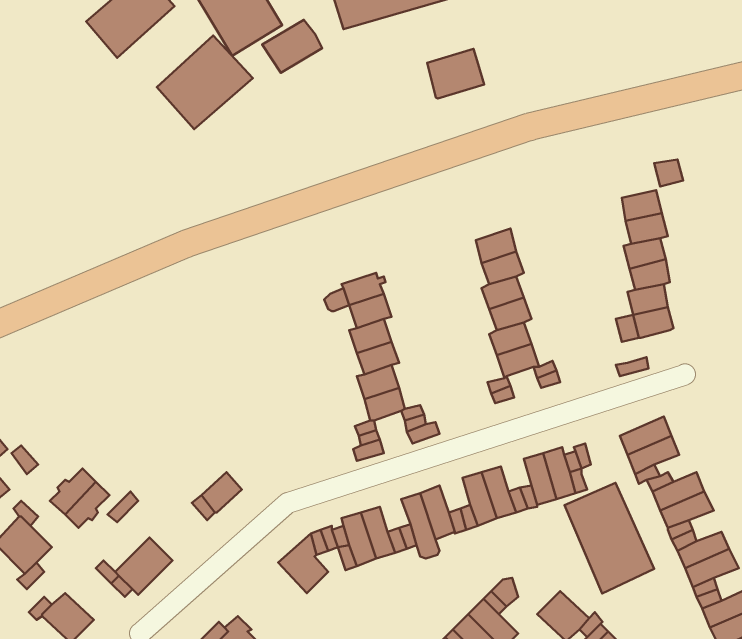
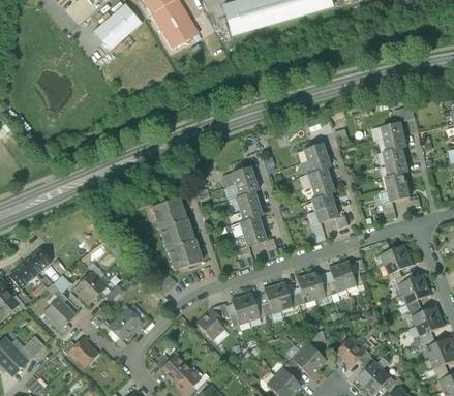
building: [262,20,322,73] -> none
building: [157,36,253,129] -> none
building: [427,49,484,98] -> none
building: none -> [151,197,202,271]
building: [564,483,654,593] -> none

